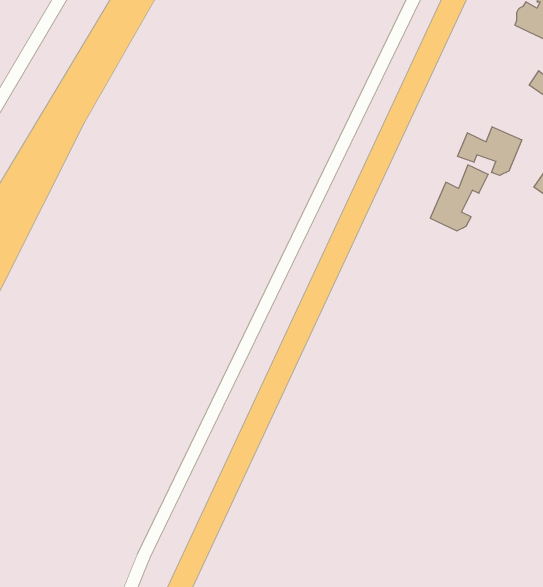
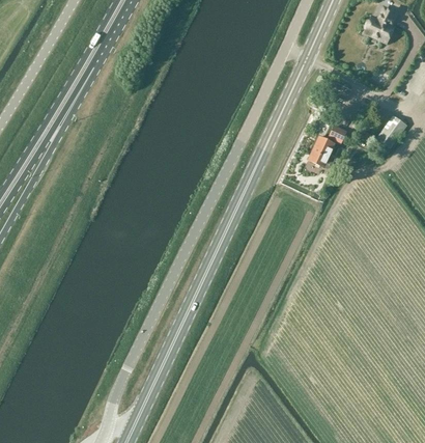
building: [458,127,522,175] -> none

